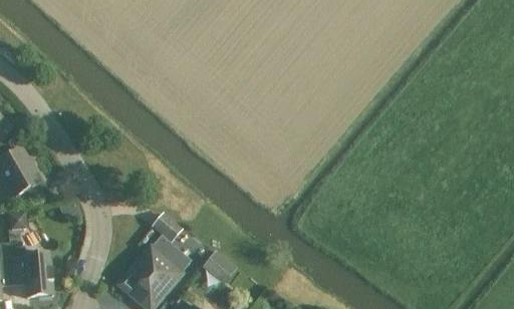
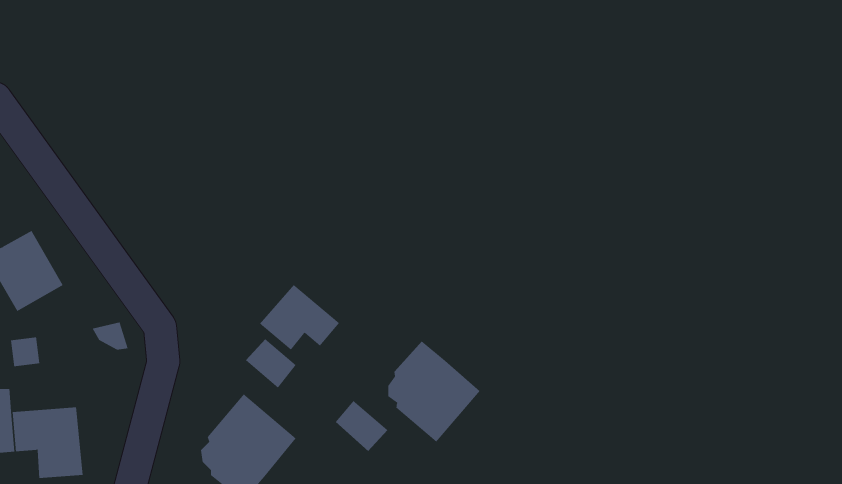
building: none -> [259,284,340,351]
building: none -> [388,340,480,443]

